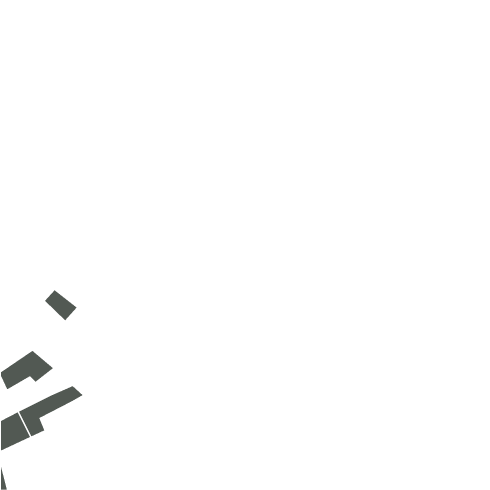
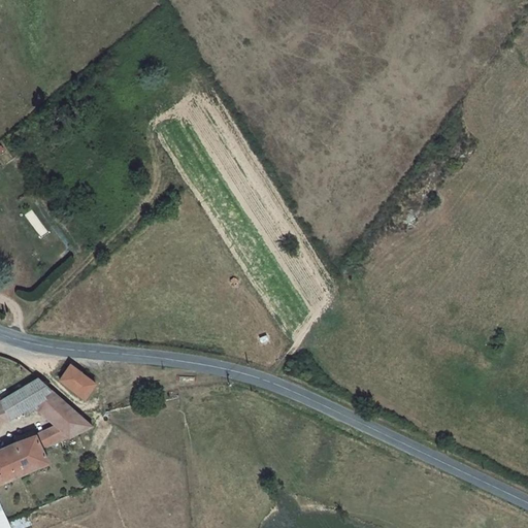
building: [44,289,78,321] -> [59,365,95,399]
building: none -> [38,396,78,425]

